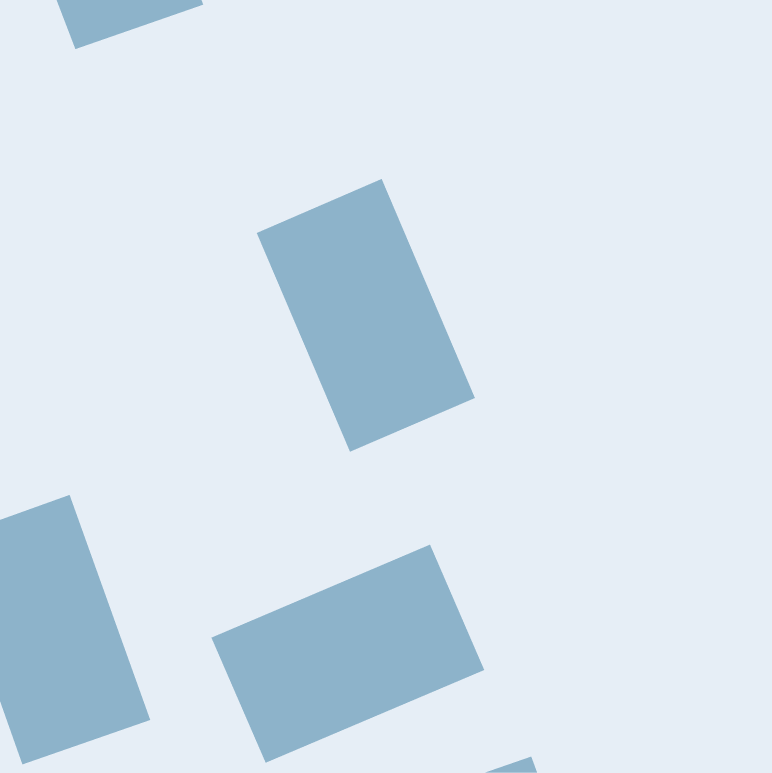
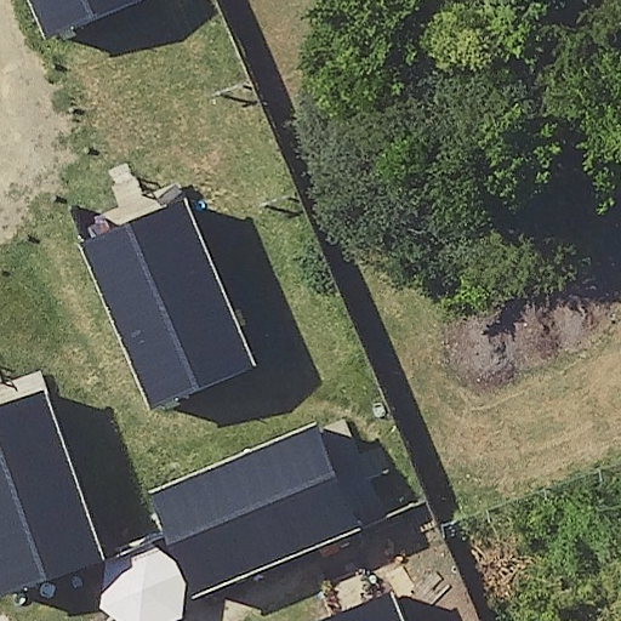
building: [256,178,476,453] -> [87,189,258,403]

